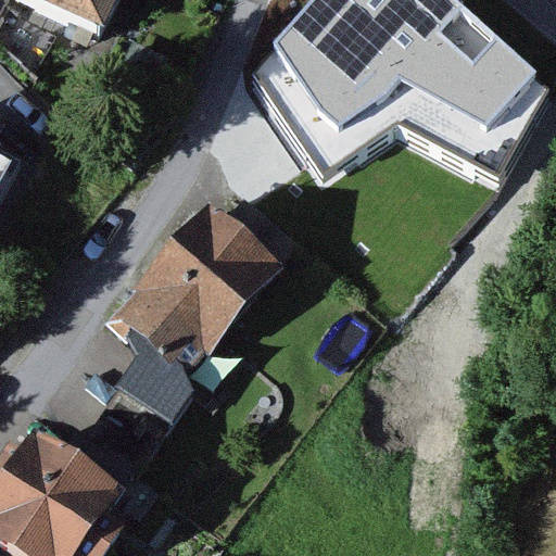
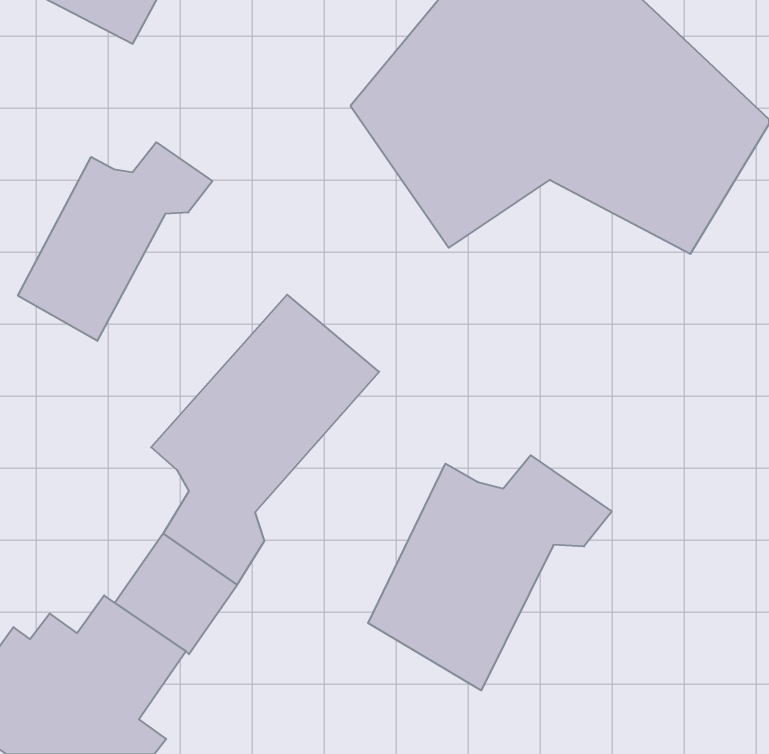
building: none -> [18,142,212,341]
building: none -> [368,455,612,690]

